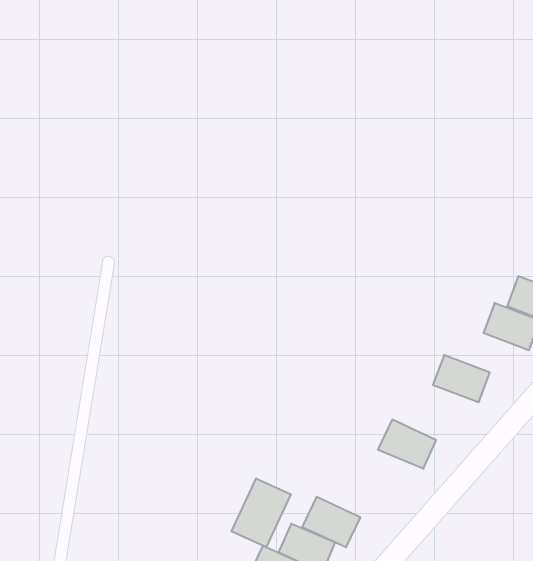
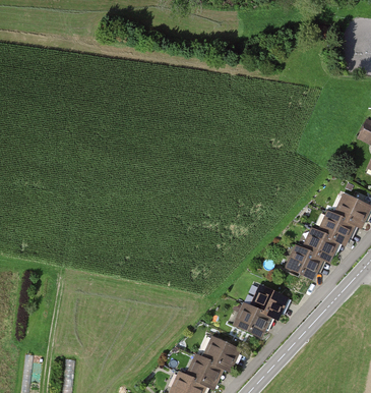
building: none -> [304,228,341,259]
building: none -> [232,301,274,337]
building: [232,478,291,547] -> none

